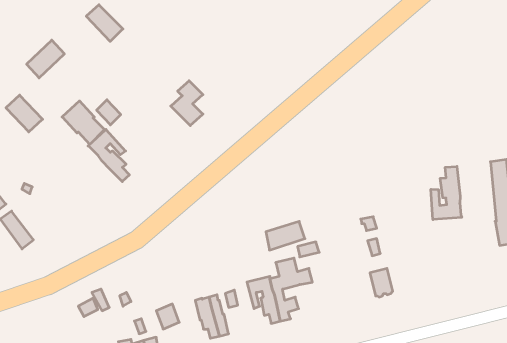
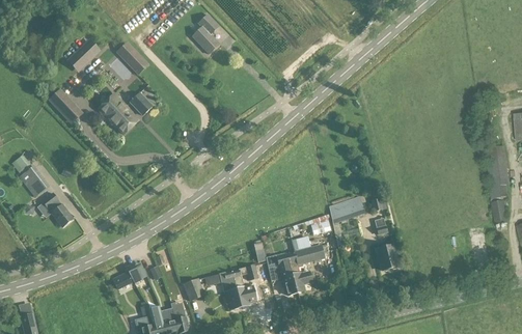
building: [86,5,123,41] -> [115,41,148,75]
building: [171,81,203,126] -> [190,13,219,54]
building: [88,129,129,182] -> none
building: [431,166,462,220] -> none
building: [266,221,305,250] -> [328,197,363,223]

